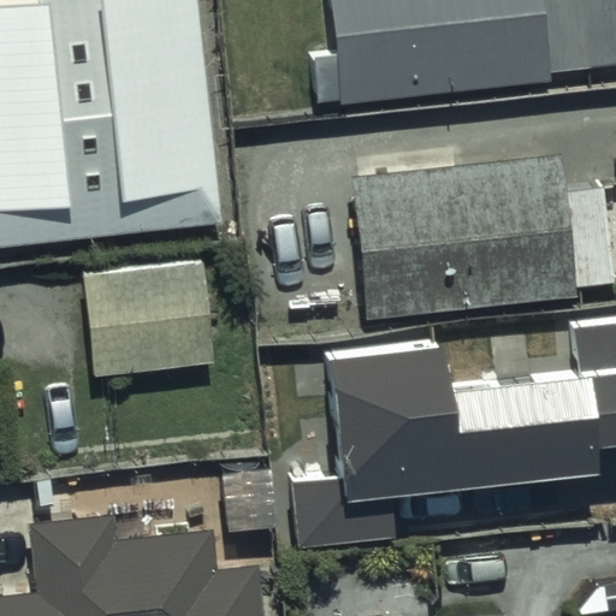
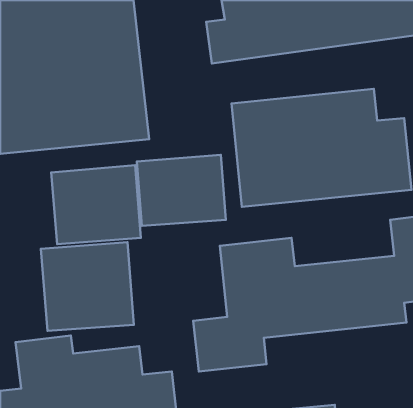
building: none -> [137,155,226,226]
building: none -> [41,242,134,331]

